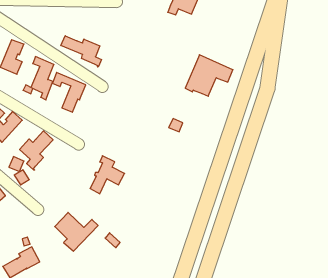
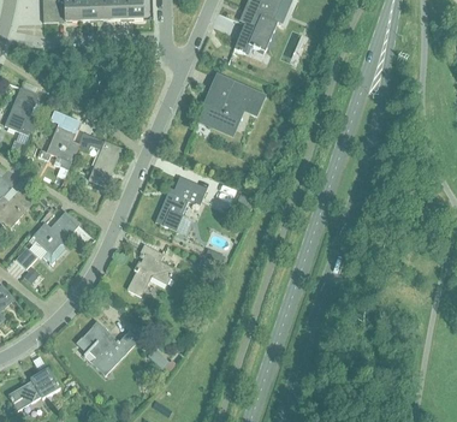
building: [61,36,102,67] -> none
building: [185,55,233,96] -> [198,75,263,131]
building: none -> [155,176,207,231]

